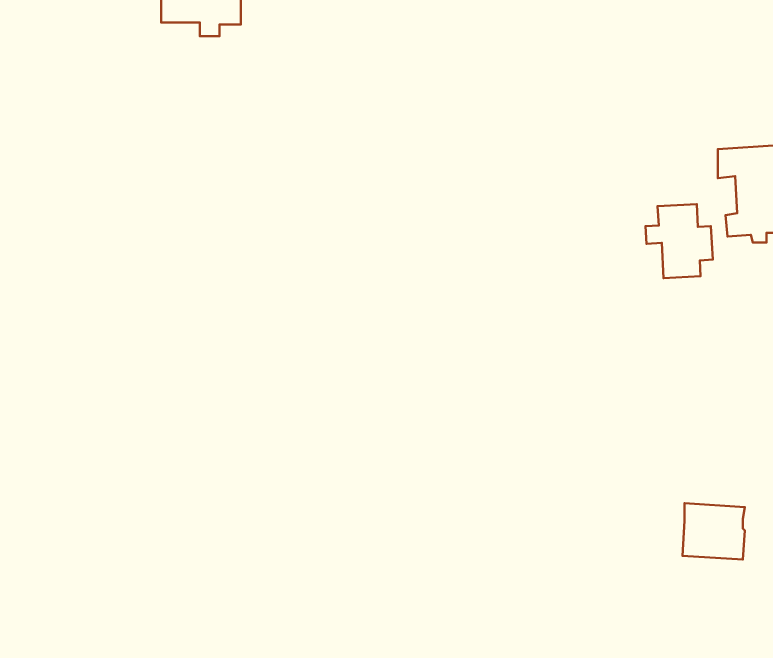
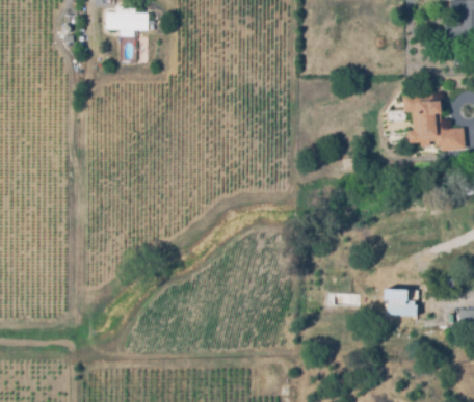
building: [646,204,713,278] -> none

